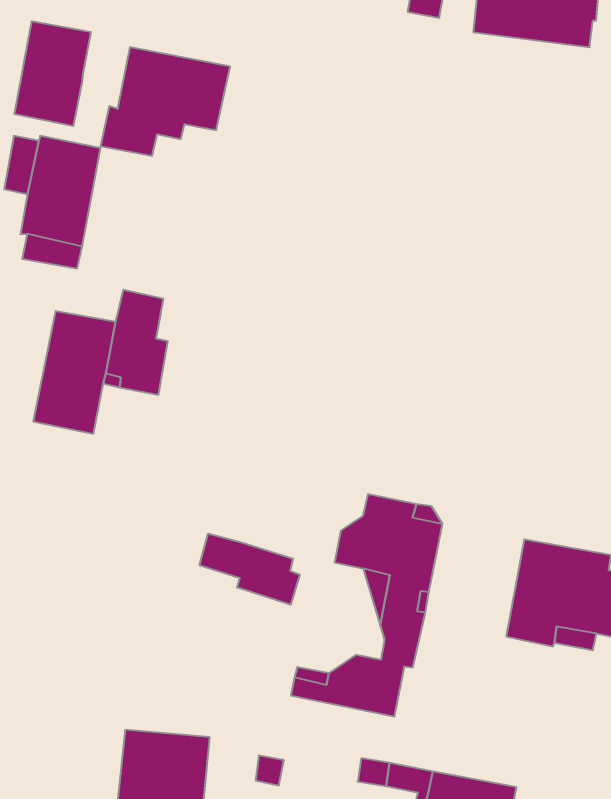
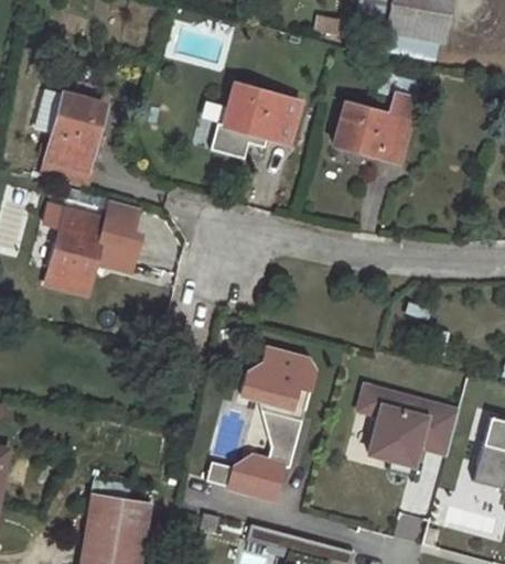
building: [15,21,91,126] -> none
building: [100,47,230,156] -> [211,84,301,158]
building: none -> [334,75,421,162]
building: [200,534,300,605] -> none

